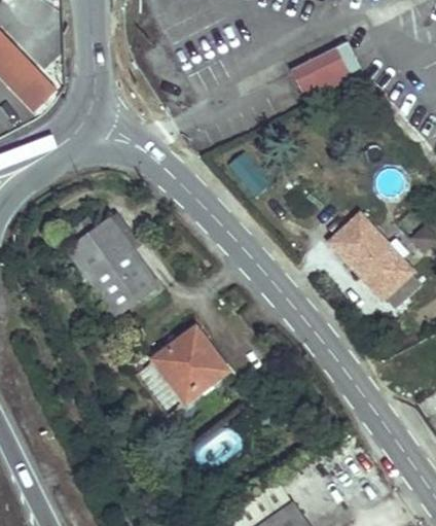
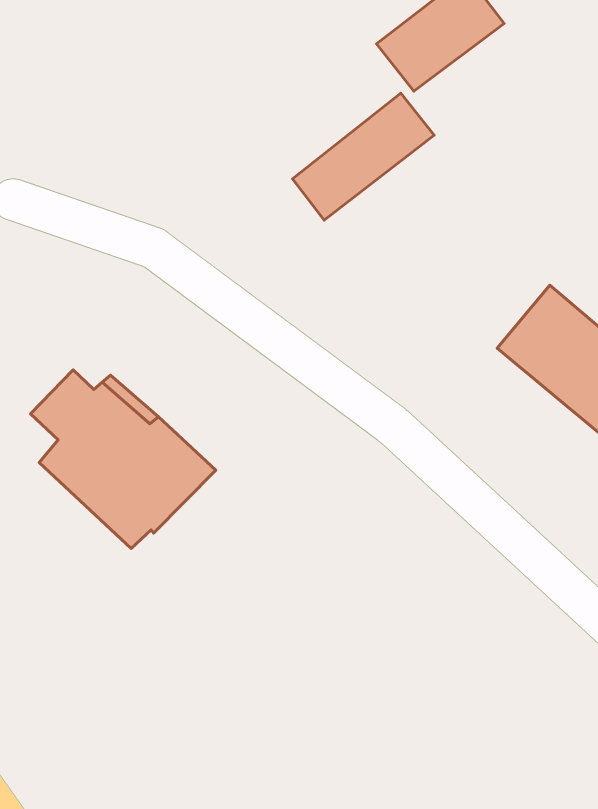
building: none -> [292,93,434,220]
building: [151,330,224,404] -> none

